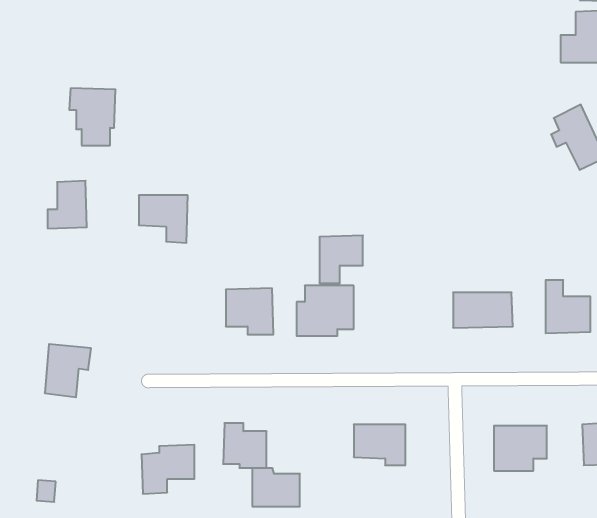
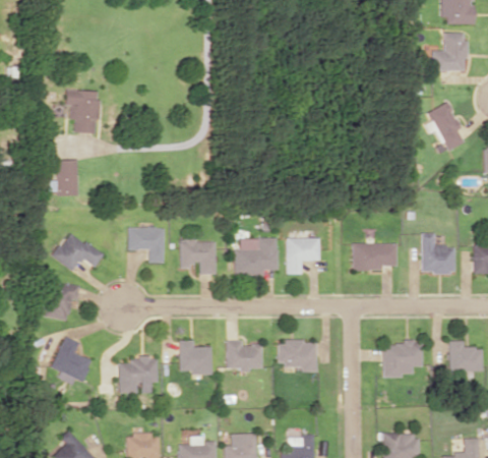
building: [139,195,188,243] -> [130,228,167,264]
building: [319,235,363,283] -> [287,238,319,274]
building: none -> [53,234,106,272]
building: none -> [53,337,93,385]
building: [252,468,300,506] -> [227,341,262,369]

